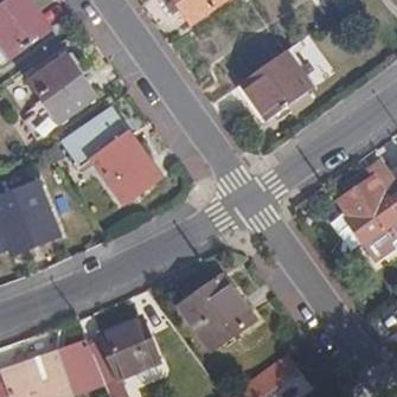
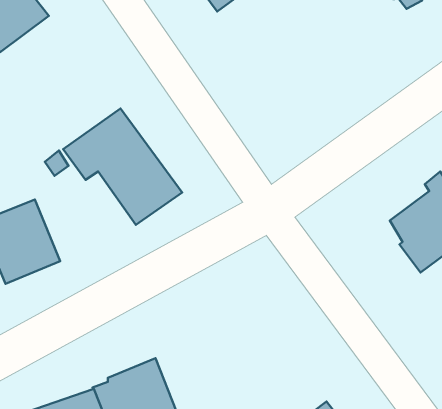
building: [243,52,314,121] -> none
building: [31,57,95,120] -> none
building: [178,276,250,348] -> none

